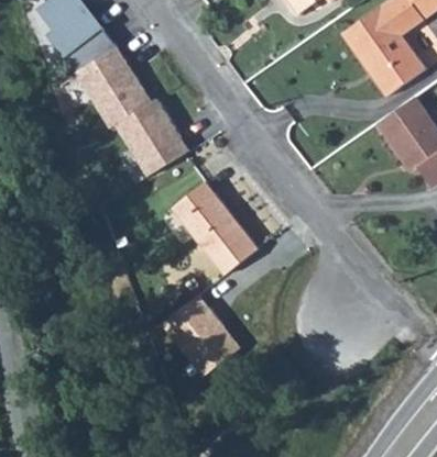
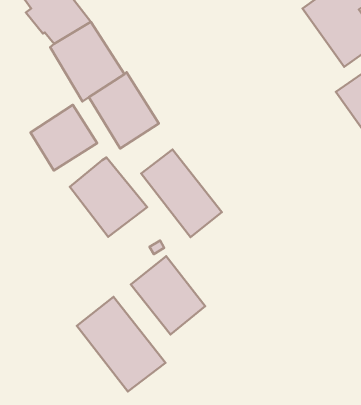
building: none -> [30,105,97,171]
building: none -> [70,158,147,237]
building: none -> [77,297,166,391]

